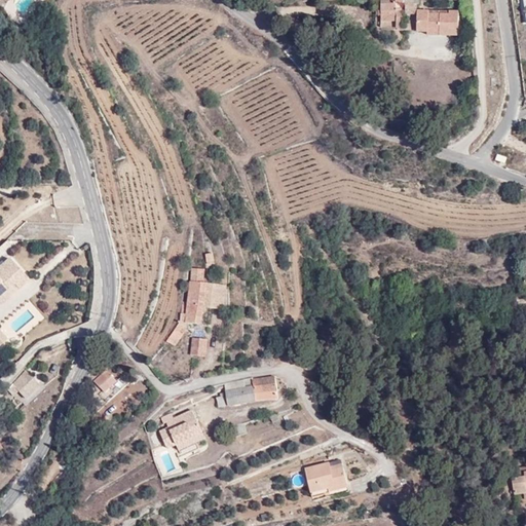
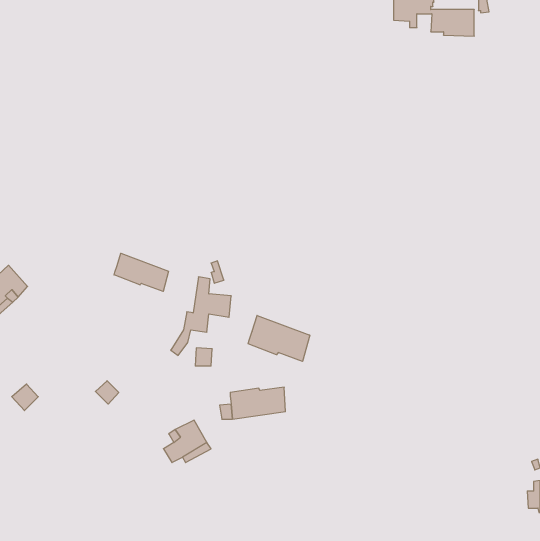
building: none -> [114,253,168,291]
building: none -> [248,315,310,361]
building: [297,460,341,497] -> none

